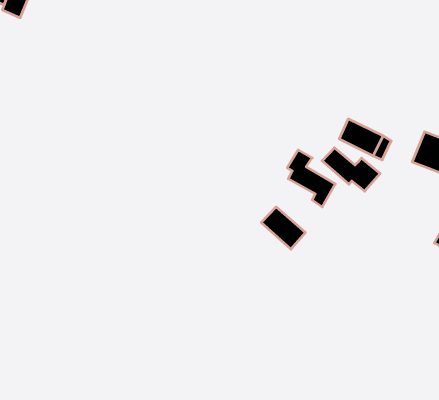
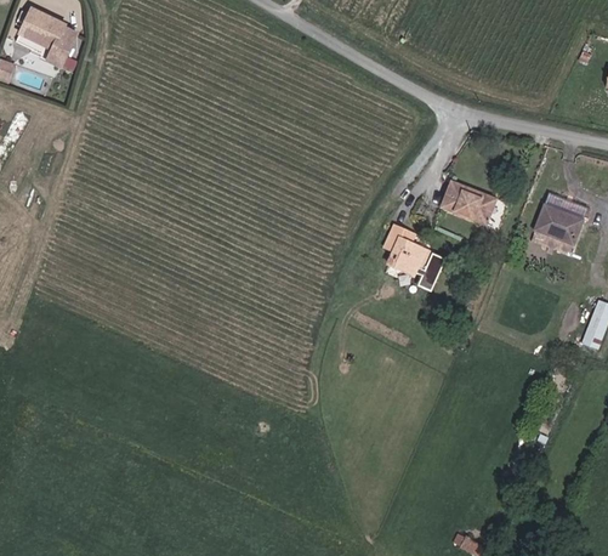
building: [322,148,380,191] -> none
building: [261,207,305,249] -> none

